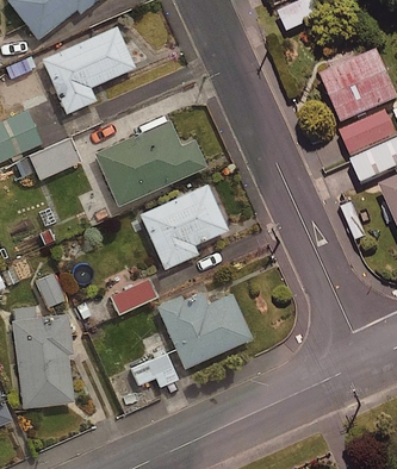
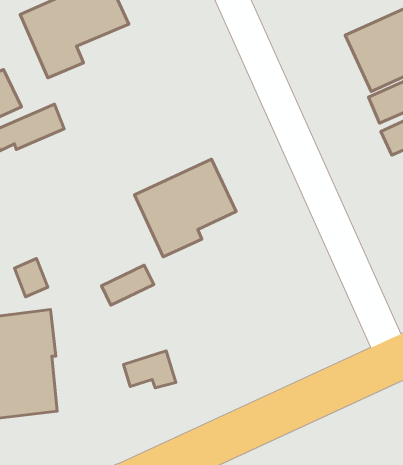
building: [94,119,206,206] -> none
building: [155,292,252,369] -> none

